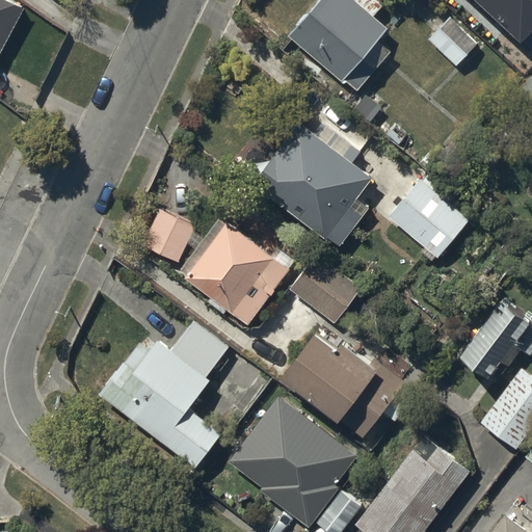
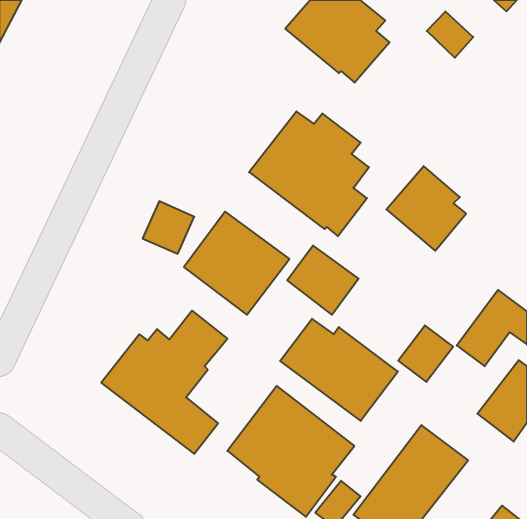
building: none -> [398,325,453,382]

